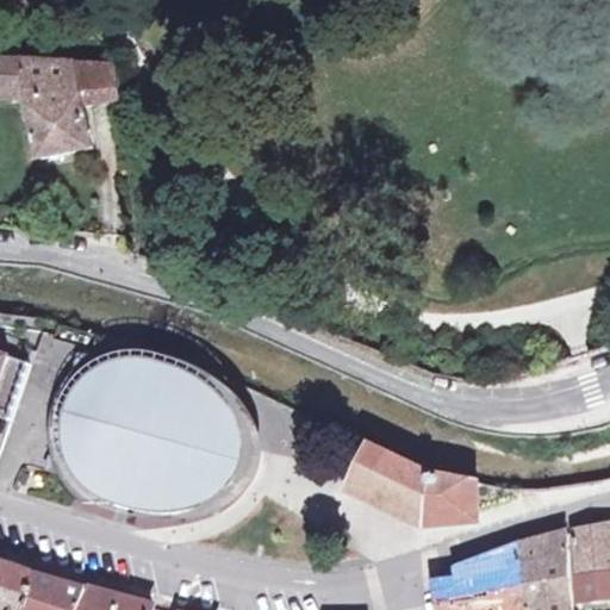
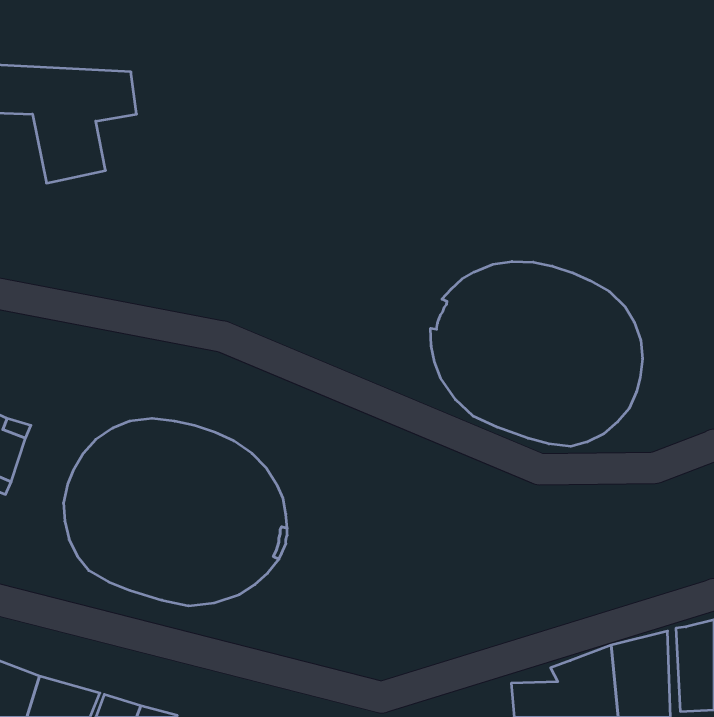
building: none -> [431,261,642,446]
building: [349,446,465,517] -> none

